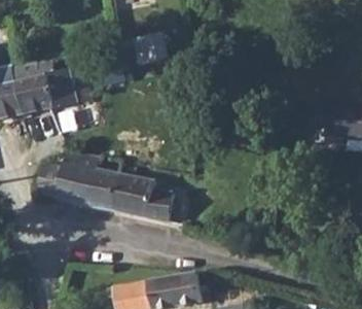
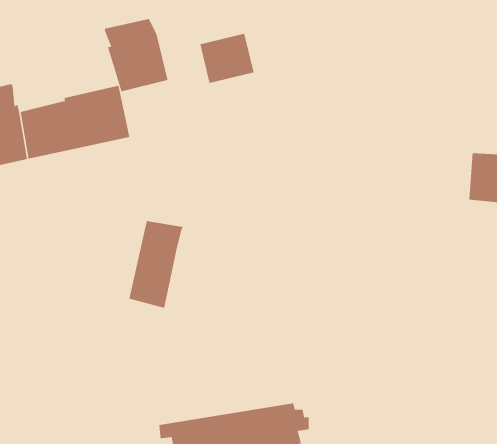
building: none -> [104,18,168,92]
building: [36,149,99,205] -> none
building: [111,173,188,226] -> none

